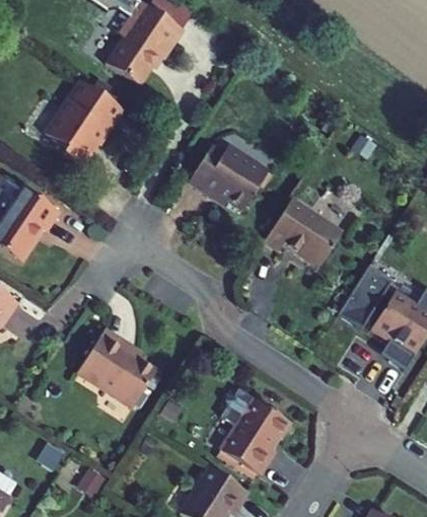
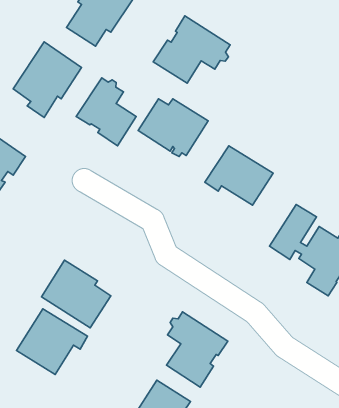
building: none -> [153,16,230,83]
building: none -> [76,78,136,146]
building: none -> [16,309,88,375]

